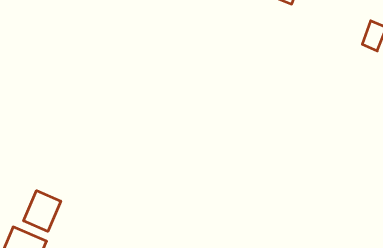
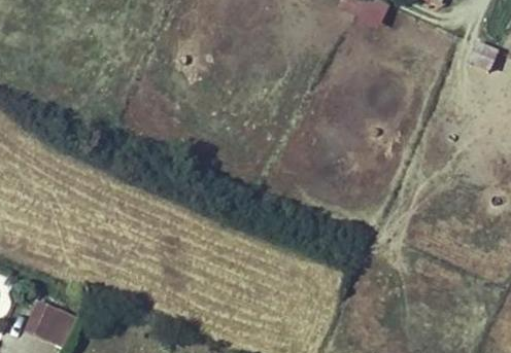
building: [24,191,61,231] -> none

